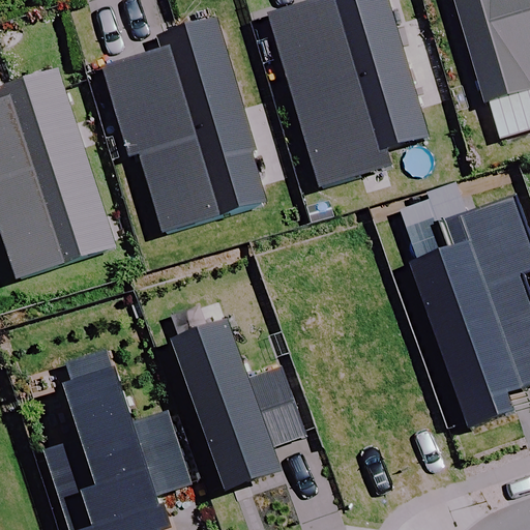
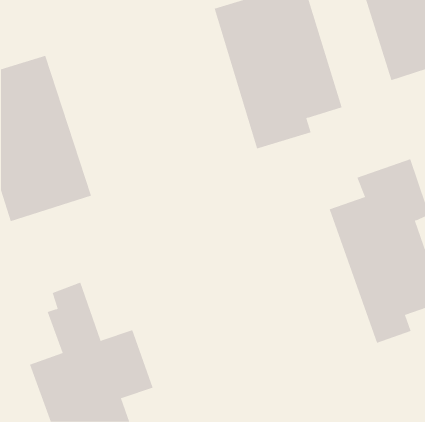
building: [100,17,262,231] -> none
building: [167,321,304,492] -> none

